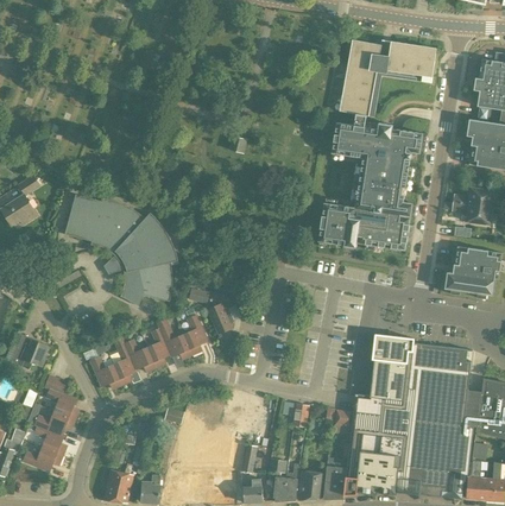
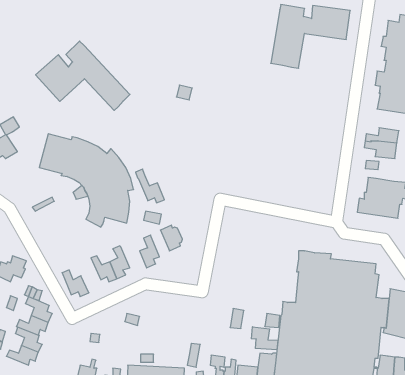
building: none -> [36,41,130,110]
building: [316,112,422,249] -> none
building: [157,317,191,358] -> [136,169,164,203]
building: [113,337,138,384] -> none
building: none -> [251,327,278,350]

